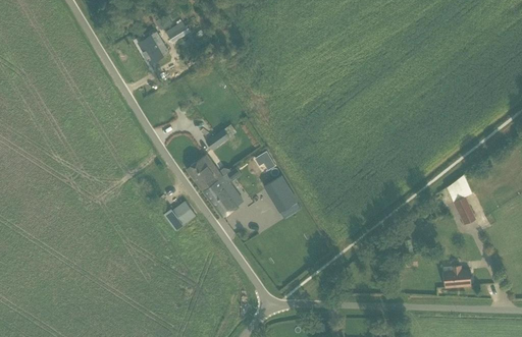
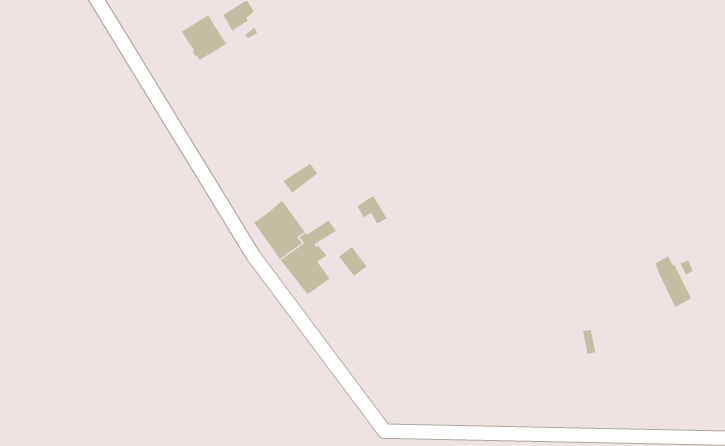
building: [264,174,298,212] -> none
building: [164,201,196,229] -> none
building: [445,265,470,286] -> none

